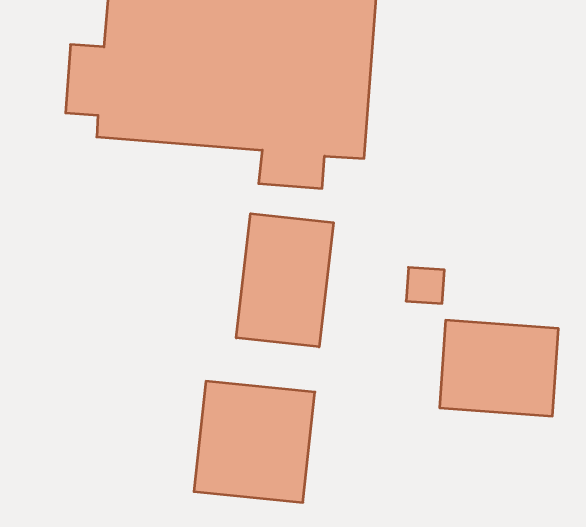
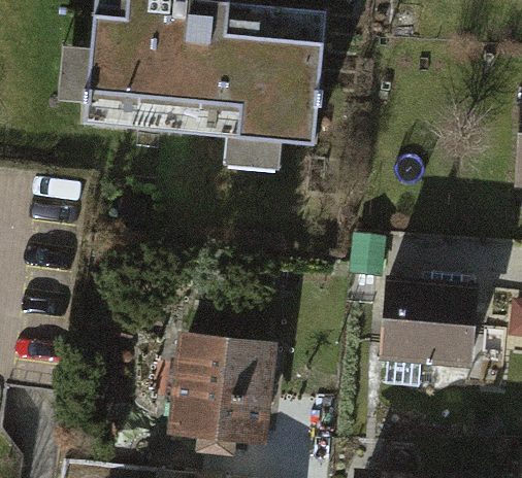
building: [236,214,333,347] -> none

